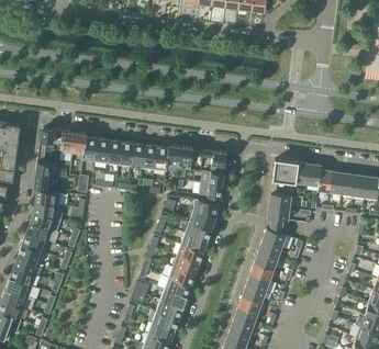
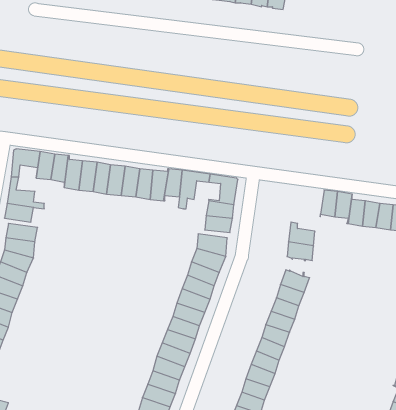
building: [271,159,299,190] -> none

